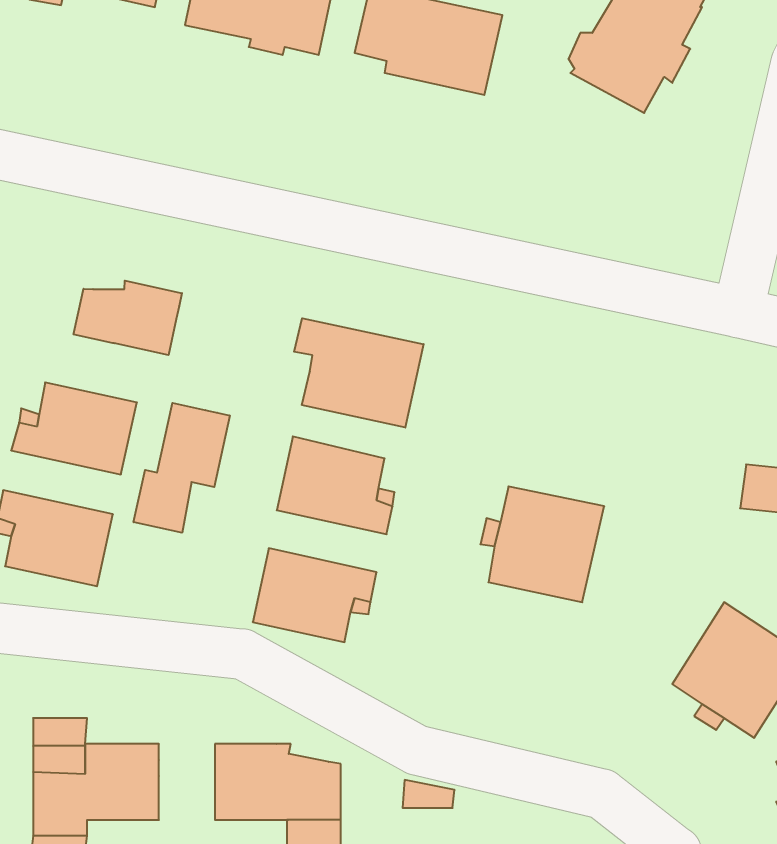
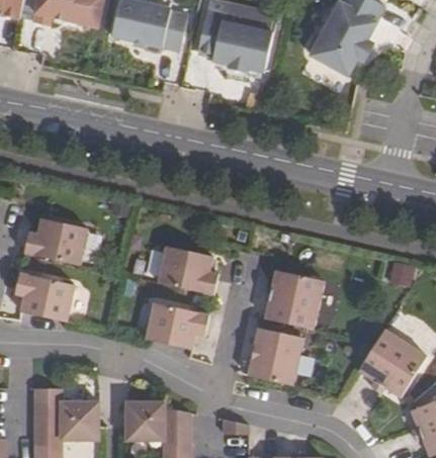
building: [74,281,182,355] -> none
building: [294,318,424,428] -> none
building: [134,403,230,533] -> none
building: none -> [247,327,303,384]

